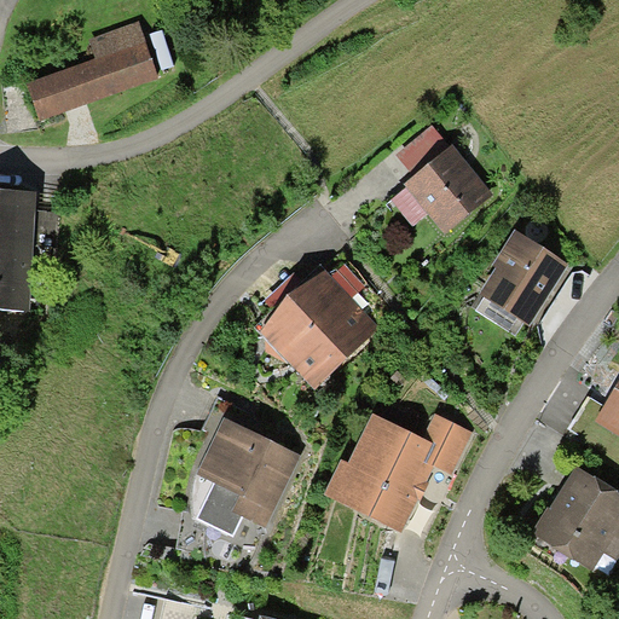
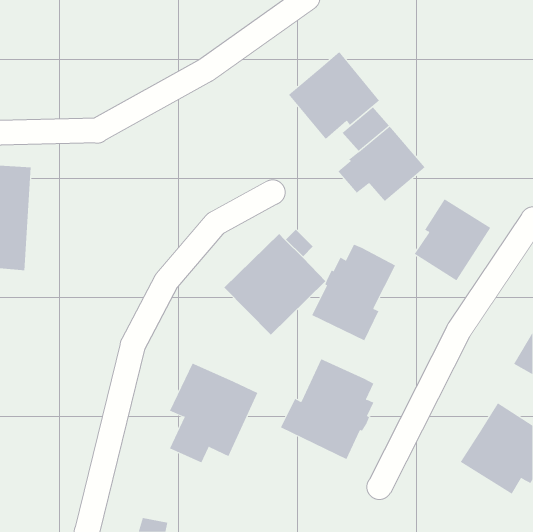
building: [25,21,158,121] -> none
building: none -> [288,51,380,140]
building: none -> [311,244,396,341]
building: [422,413,472,474] -> none

